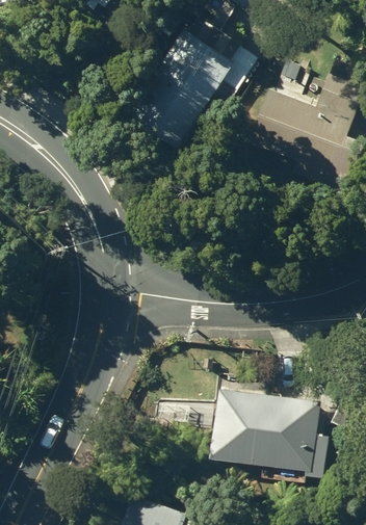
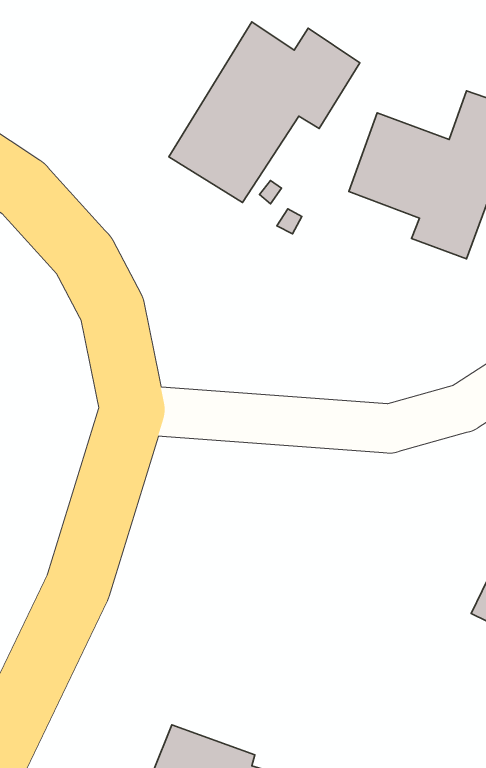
building: [208,387,330,479] -> none

